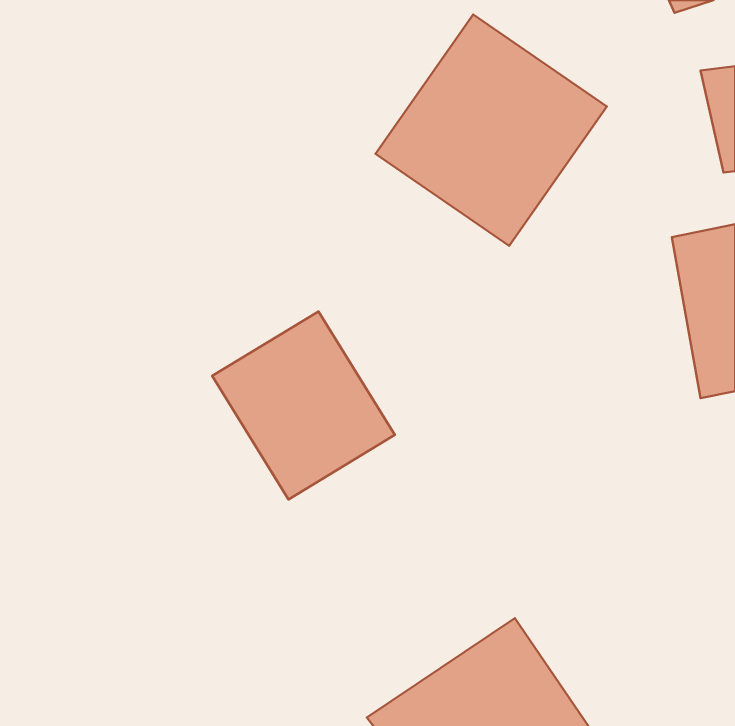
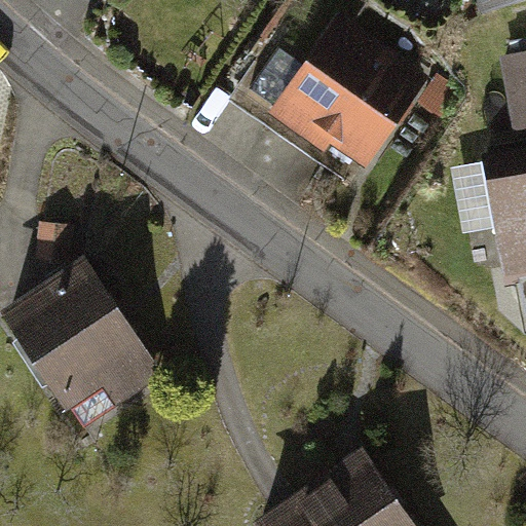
building: [212,311,395,499] -> none
building: none -> [6,253,163,408]

